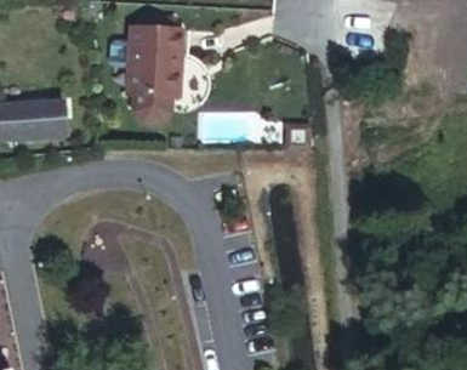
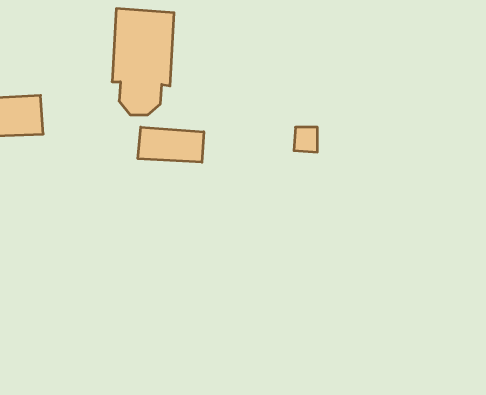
building: none -> [138,127,204,162]

